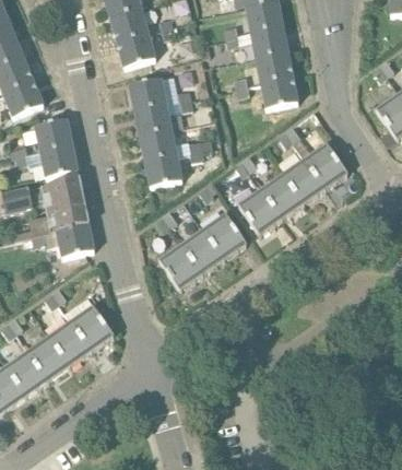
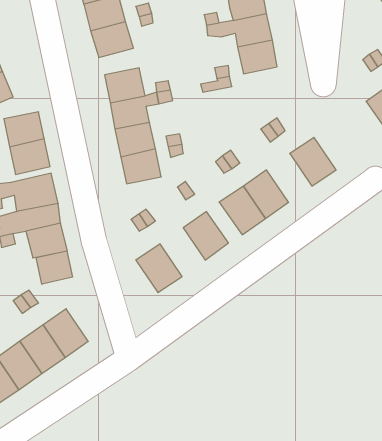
building: [260,77,297,109] -> none
building: [282,158,324,204] -> none
building: [181,228,224,274] -> none
building: none -> [36,251,72,284]

